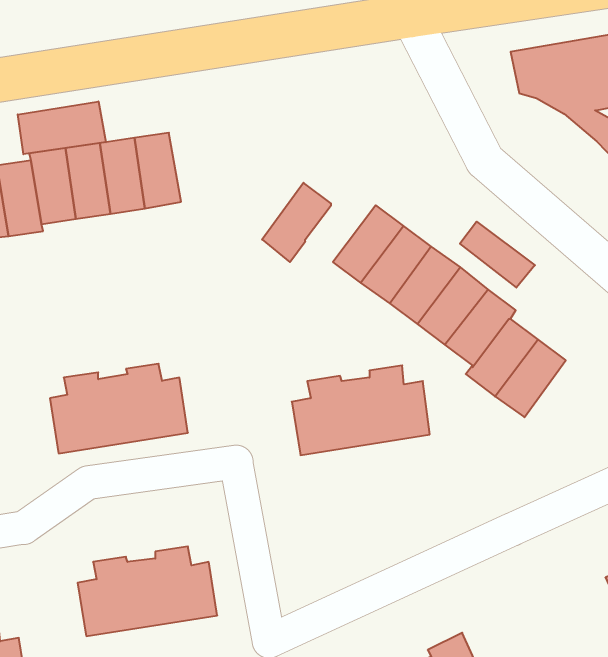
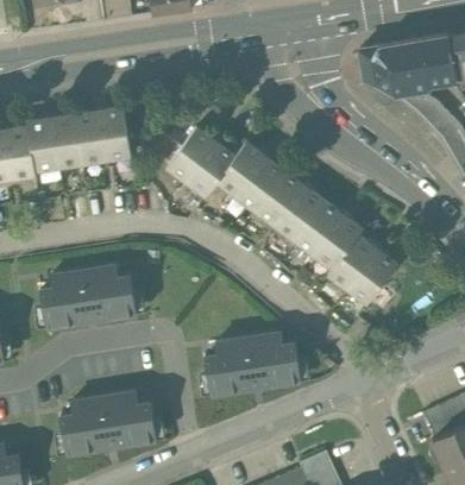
building: [18,101,106,154] -> none
building: none -> [166,126,215,179]
building: none -> [216,140,265,195]
building: [460,222,535,288] -> none
building: [292,365,430,455] -> [205,332,300,393]

